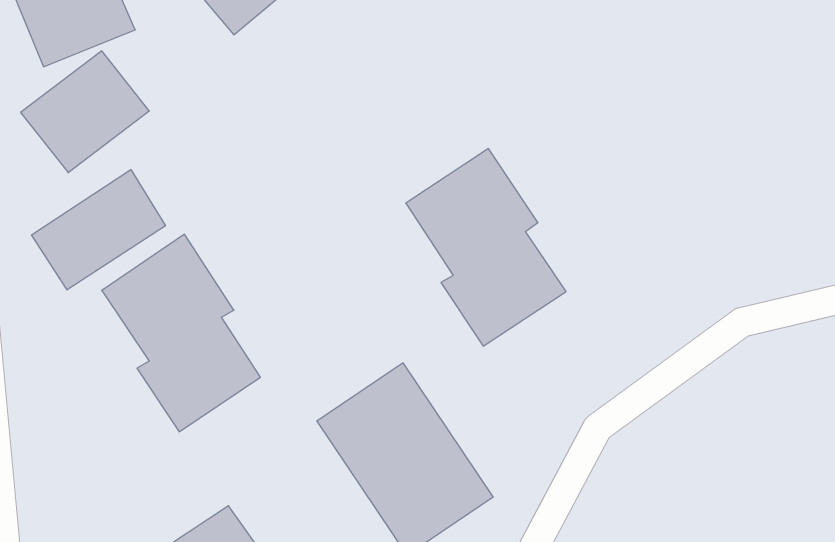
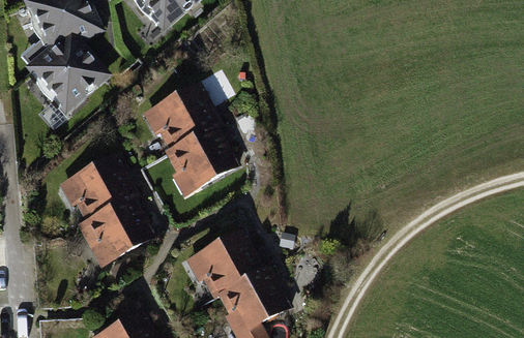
building: [406,149,566,346] -> [153,80,248,195]
building: [31,169,165,290] -> none

